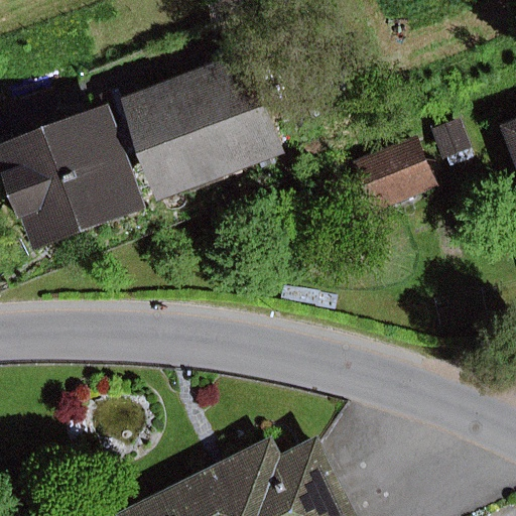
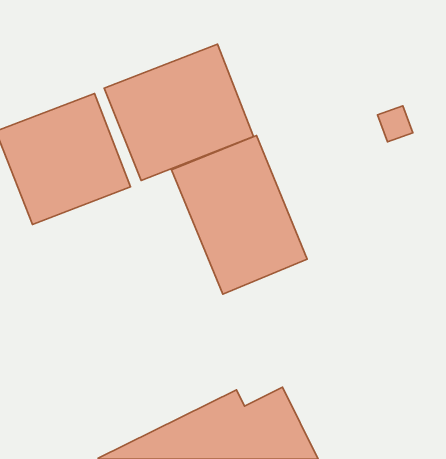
building: [347,135,431,214] -> none
building: none -> [171,136,307,294]

